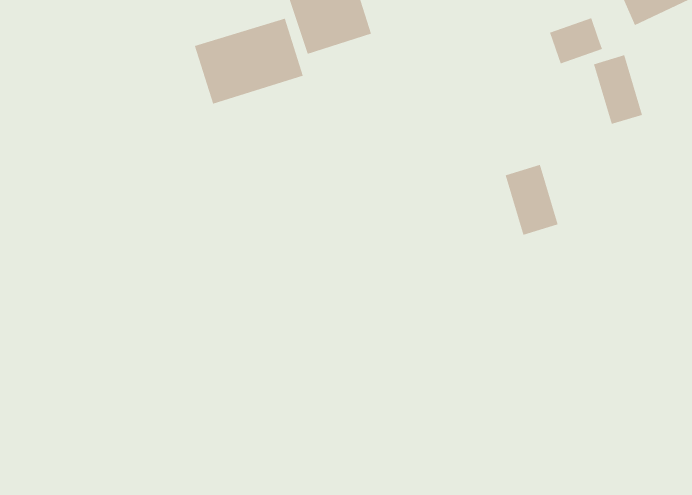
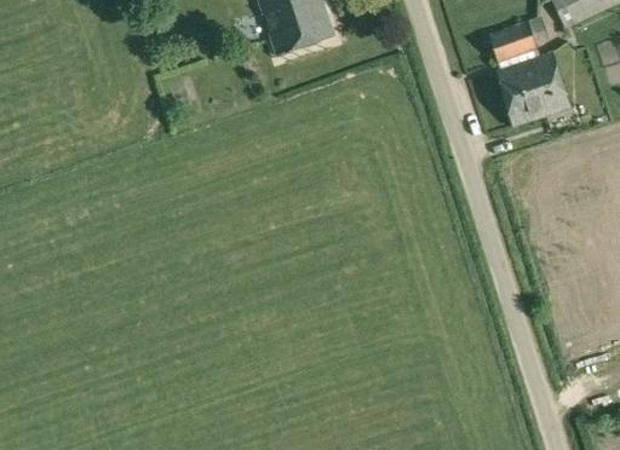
building: [194,18,303,105] -> none
building: [505,164,559,235] -> [498,62,545,125]

